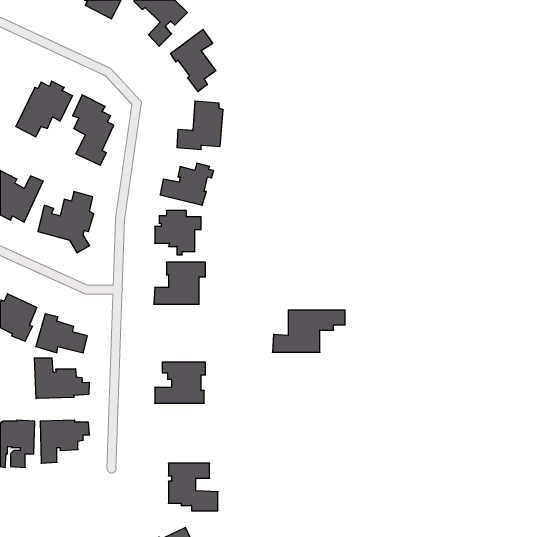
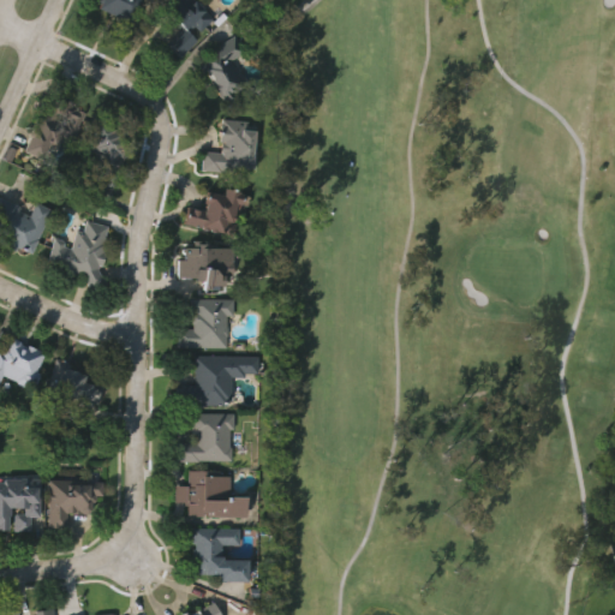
building: [272,310,345,352] -> [178,358,261,406]
building: [35,358,89,399] -> none
building: none -> [177,471,250,519]

